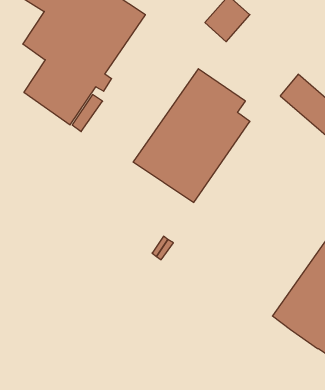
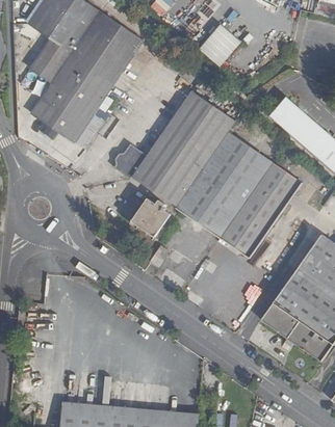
building: none -> [187,139,302,258]
building: none -> [111,143,144,179]
building: none -> [130,198,170,236]

